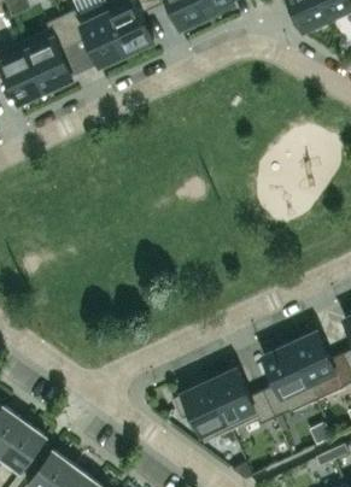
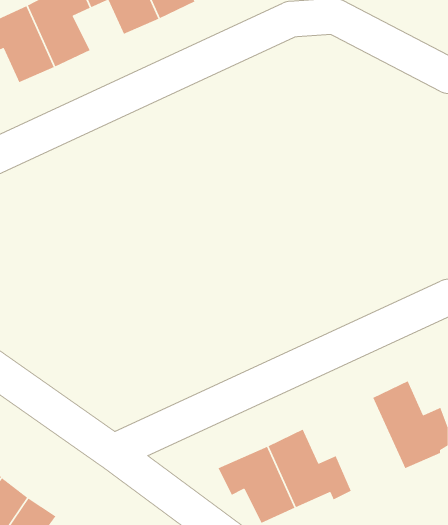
building: [262,346,315,418] -> none

